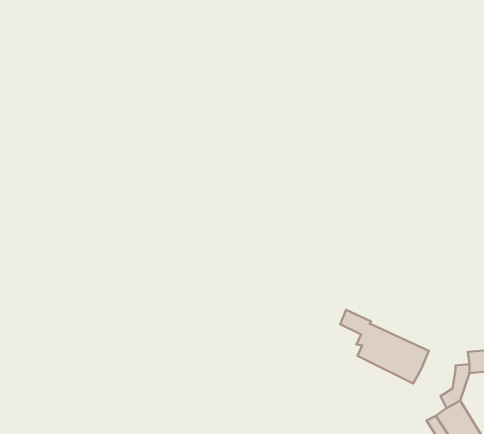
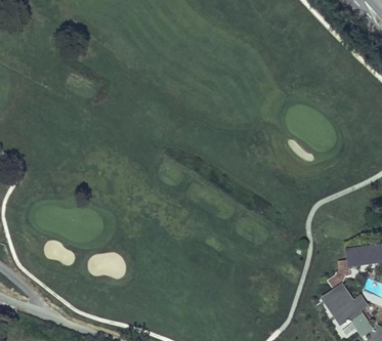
building: [340,310,429,384] -> none

